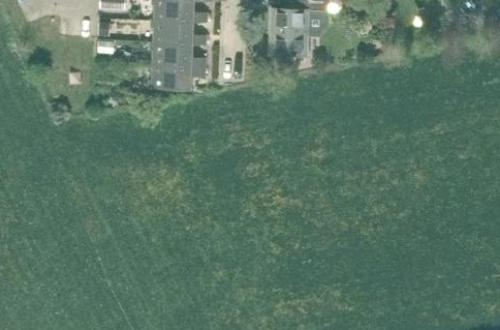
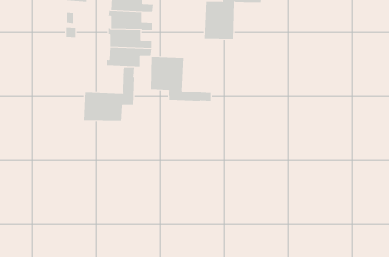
building: none -> [151,56,211,102]
building: none -> [84,67,135,122]

